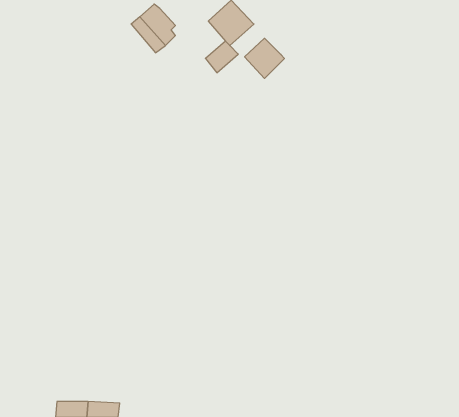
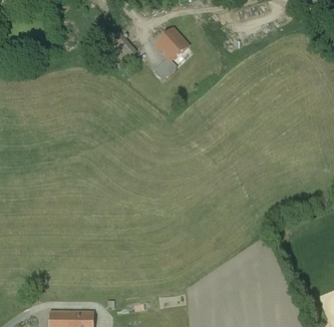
building: [245,38,284,78] -> none

